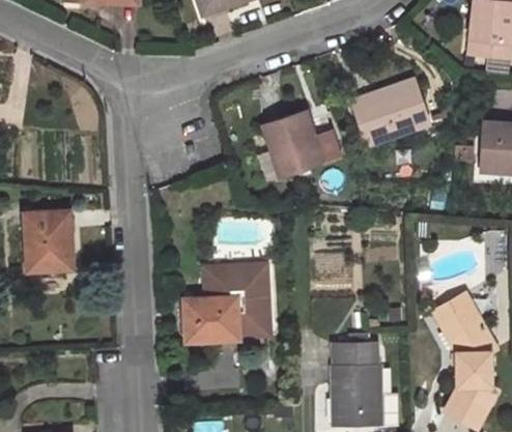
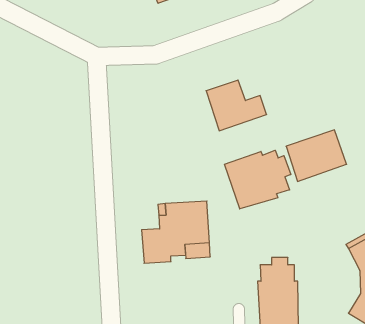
building: [353,78,430,143] -> [286,130,347,181]
building: none -> [224,150,291,209]
building: [23,210,74,271] -> none

